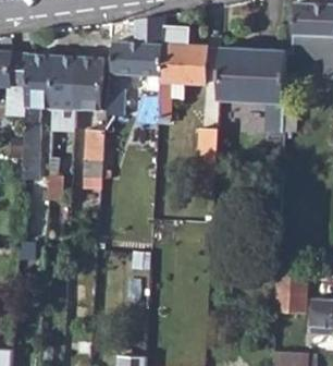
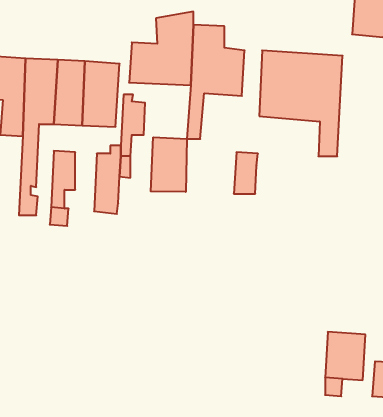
building: none -> [151,137,187,192]

